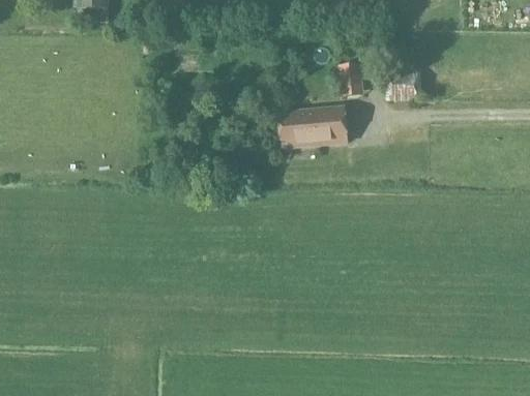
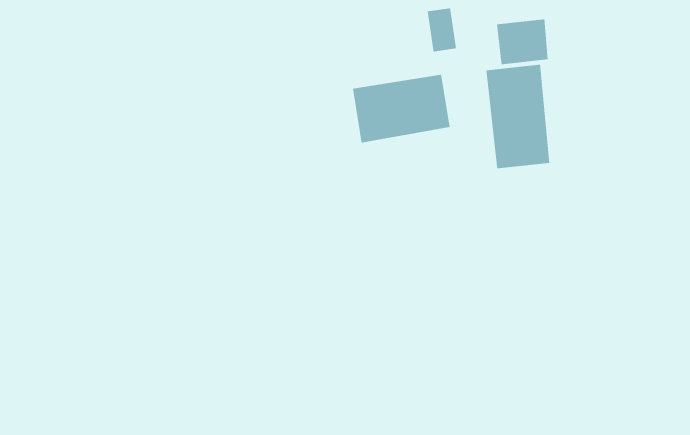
building: none -> [486,64,550,169]

